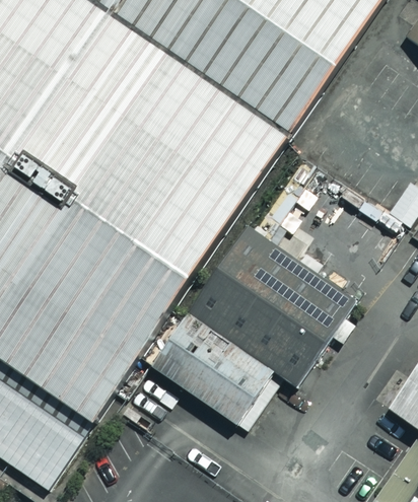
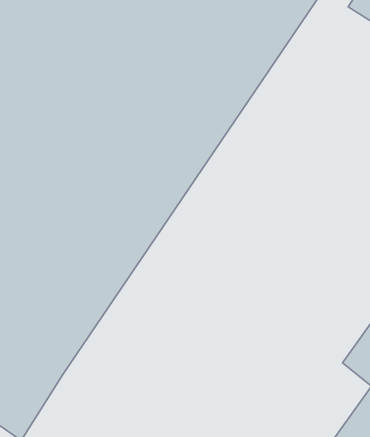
building: [183,226,349,382] -> none
building: [145,314,277,429] -> none

